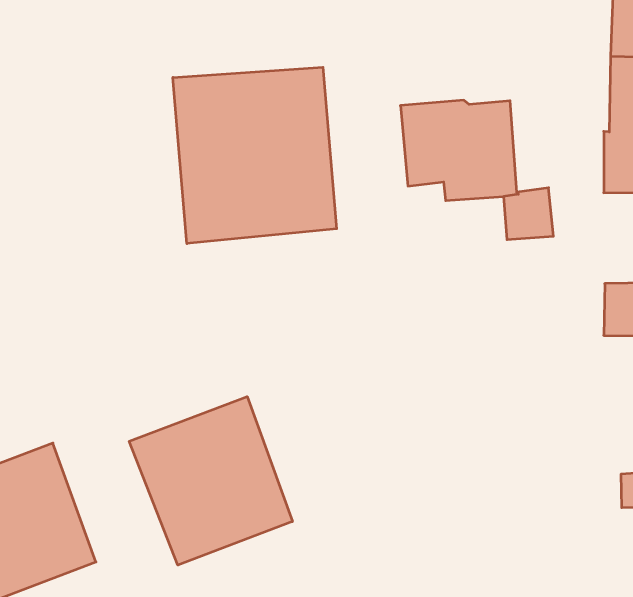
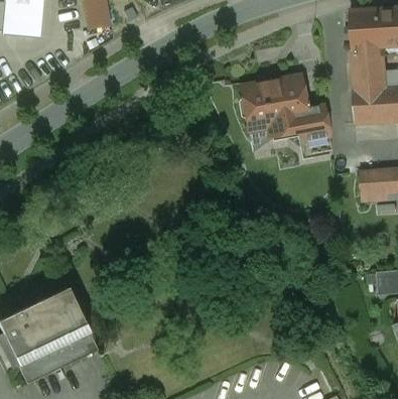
building: [173,67,337,244] -> none
building: [129,397,292,565] -> none

